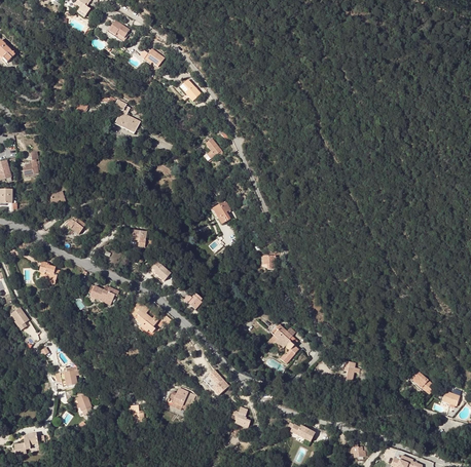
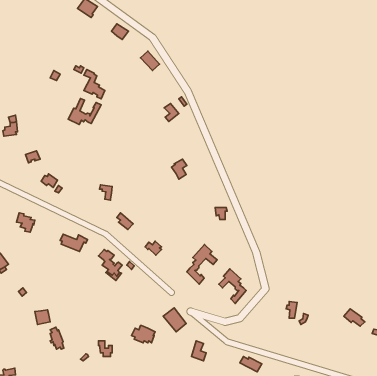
building: none -> [68,99,101,125]
building: none -> [187,244,217,284]

